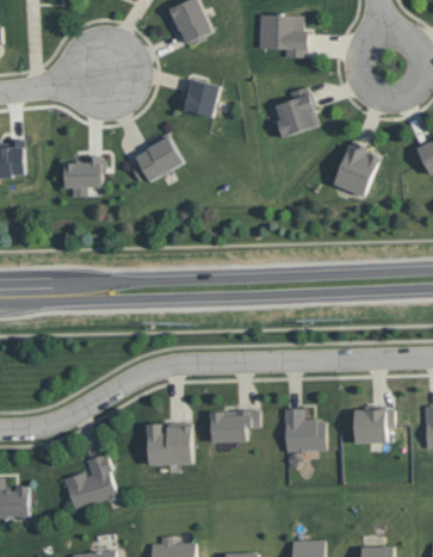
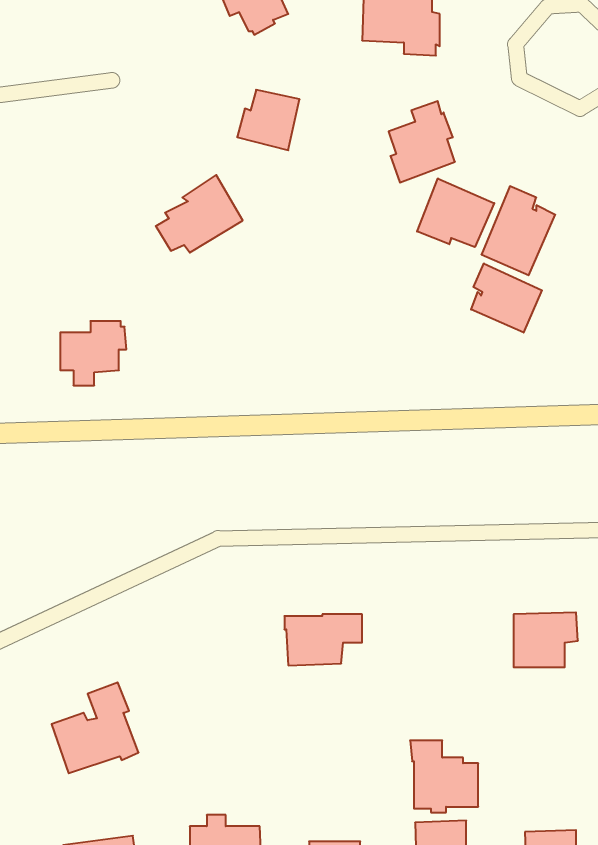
building: none -> [417,178,494,247]
building: [63,156,105,197] -> [60,321,126,385]
building: none -> [471,263,542,333]
building: [282,409,324,454] -> [410,740,478,812]
building: [146,423,191,465] -> none

